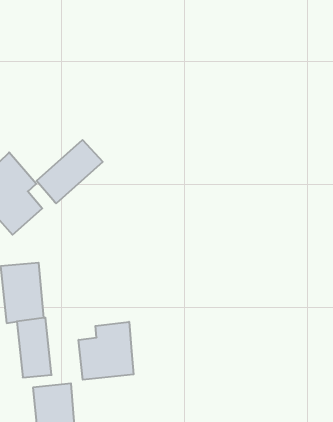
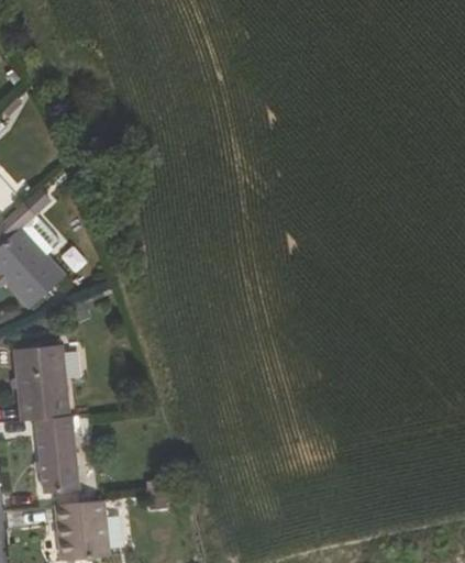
building: [37,140,103,203] -> none
building: [79,322,134,380] -> none

